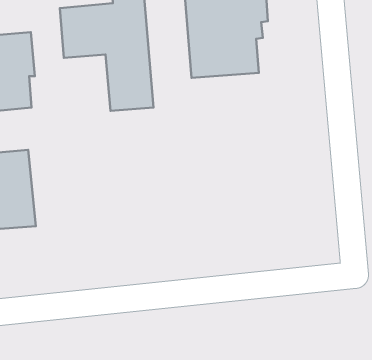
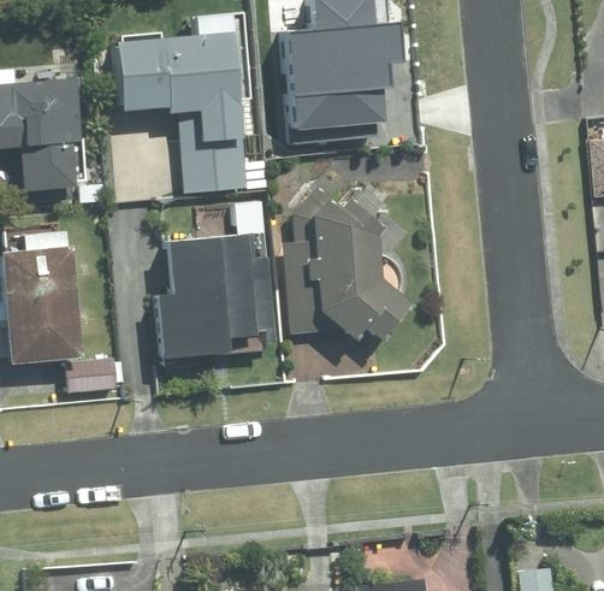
building: none -> [288,189,409,343]
building: none -> [153,234,277,357]

